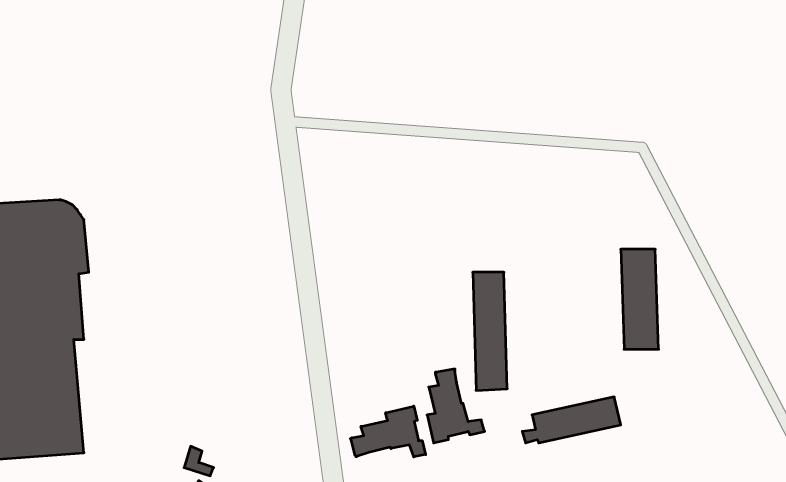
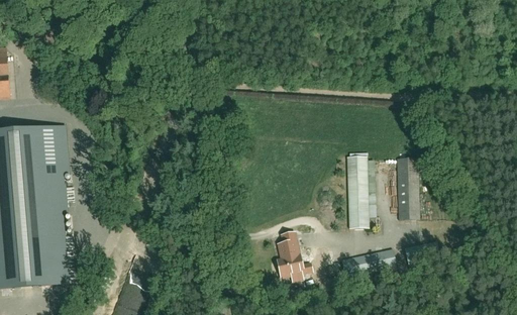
building: [473,272,507,390] -> [347,155,369,228]
building: [350,406,426,457] -> none

